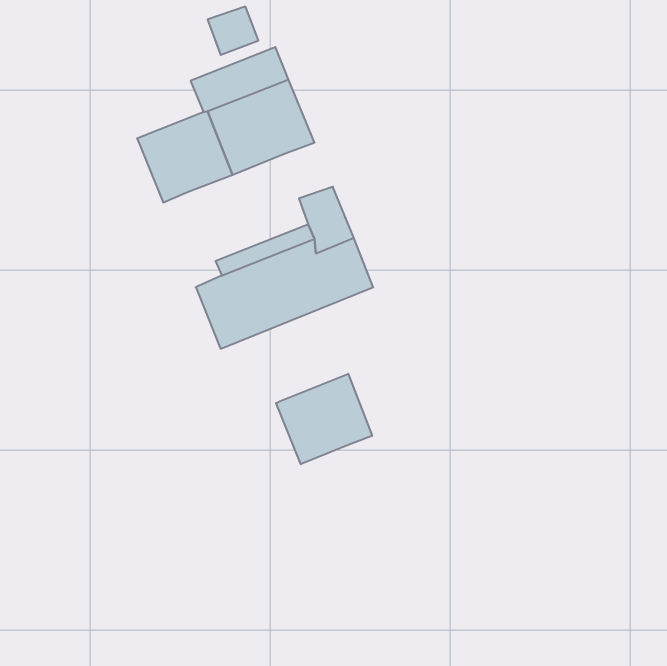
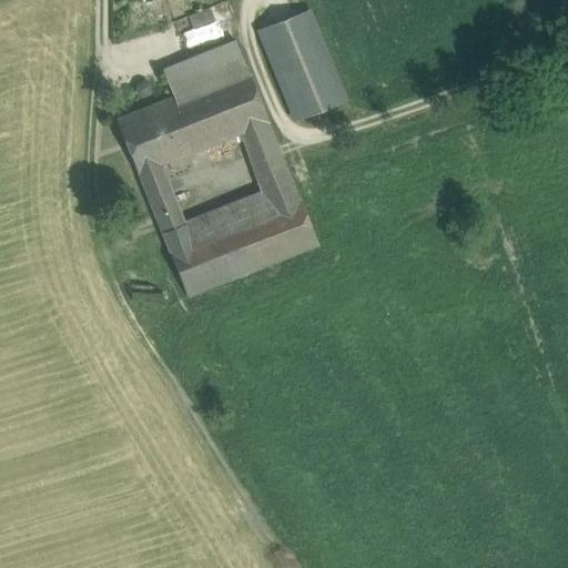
building: none -> [260,10,344,119]
building: none -> [241,121,283,169]
building: none -> [139,163,189,244]
building: [276,374,372,464] -> none

